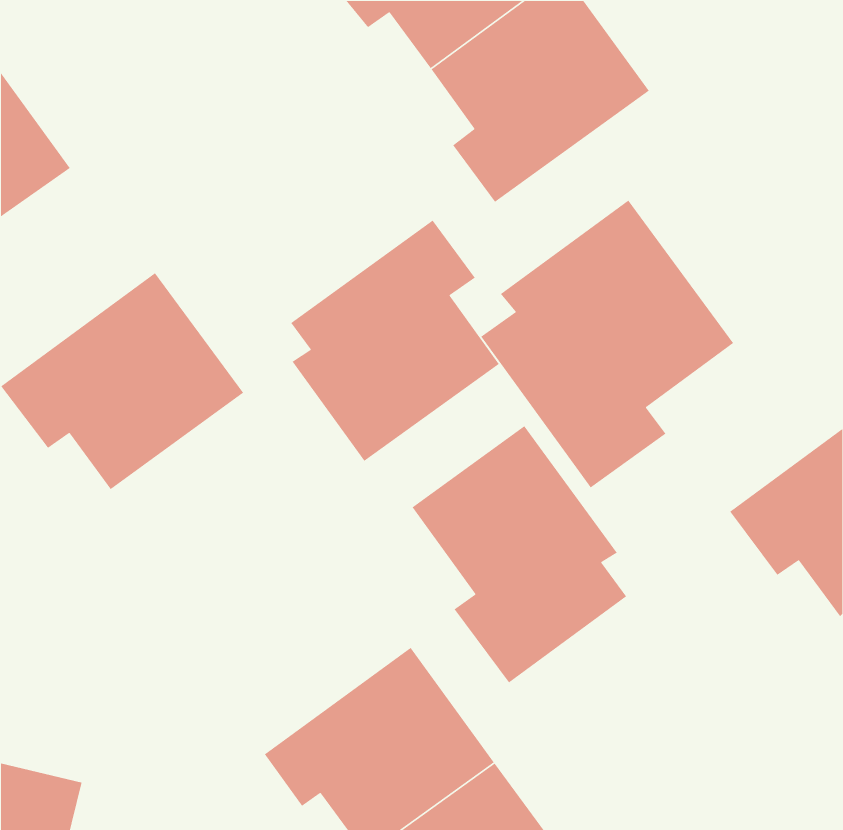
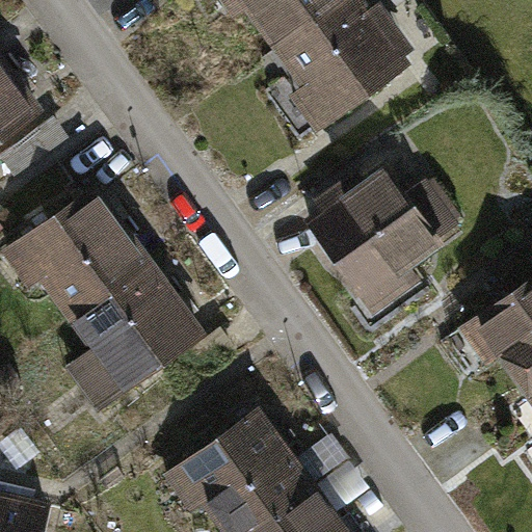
building: [290,219,500,462] -> none
building: none -> [70,256,208,401]
building: [411,425,627,683] -> none

